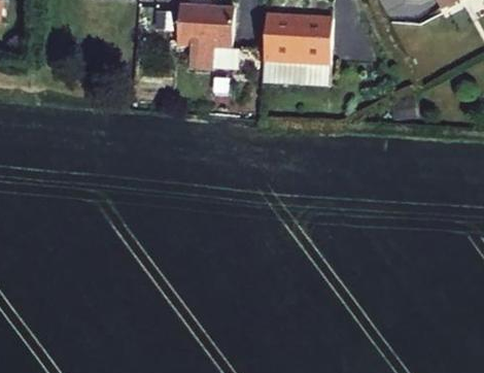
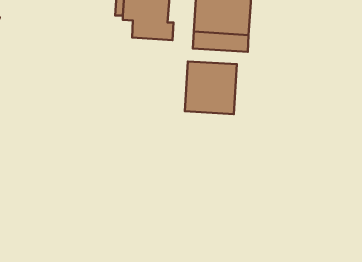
building: none -> [185,61,237,114]

